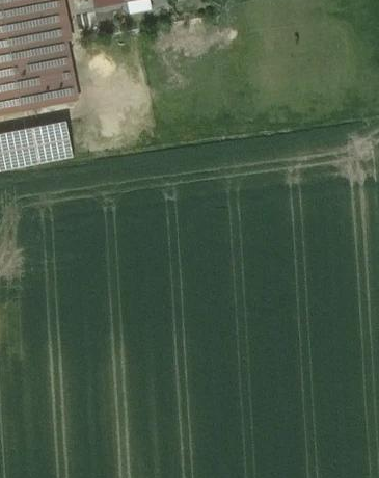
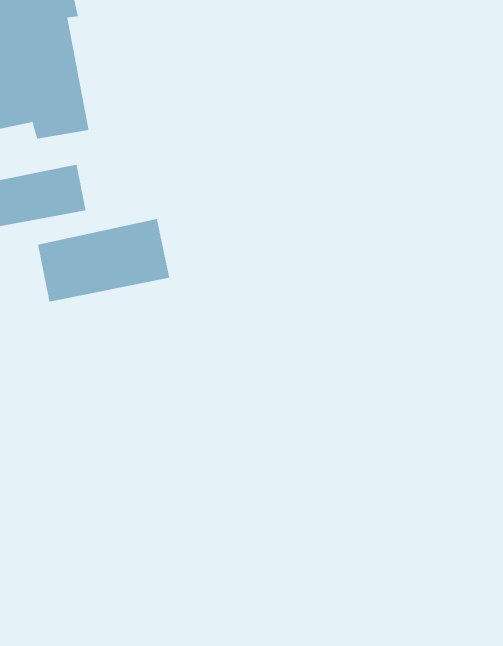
building: none -> [37,218,170,303]

